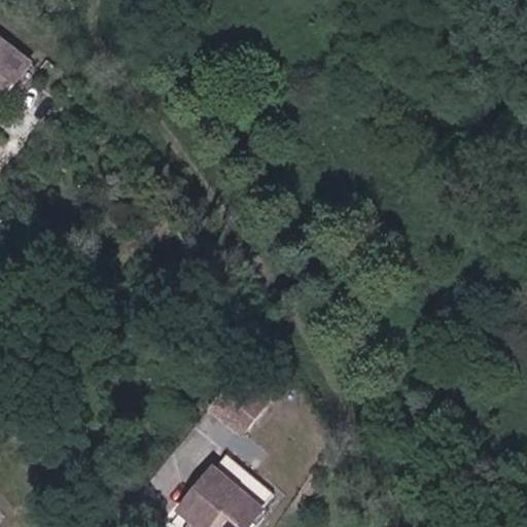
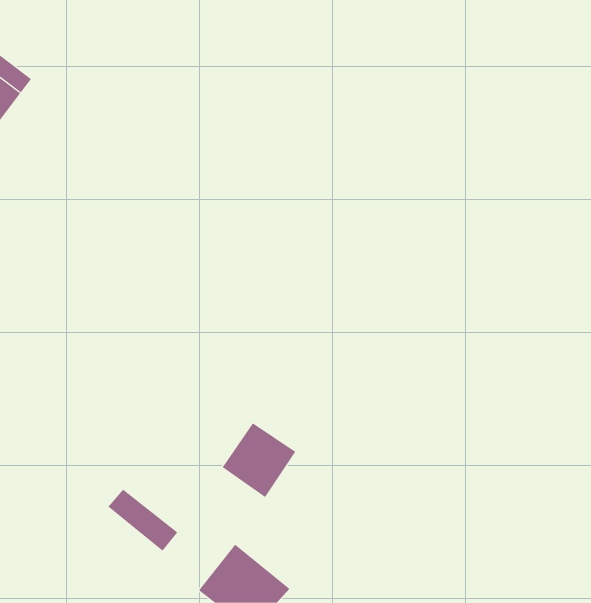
building: [205,459,267,514] -> [107,489,178,551]

